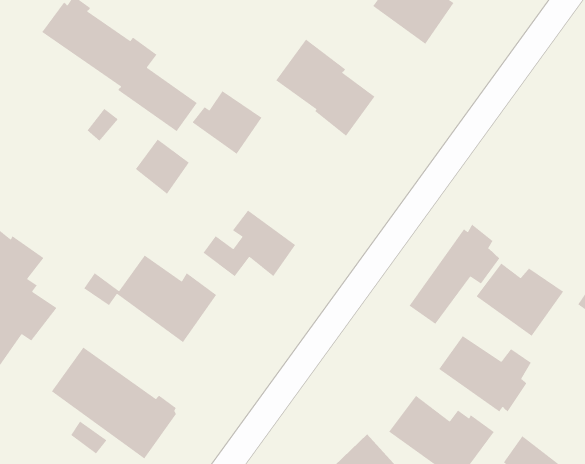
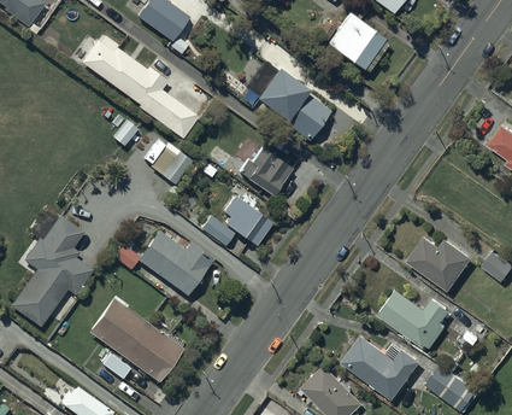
building: [191,90,263,155] -> [240,147,293,195]
building: [408,224,500,325] -> none

